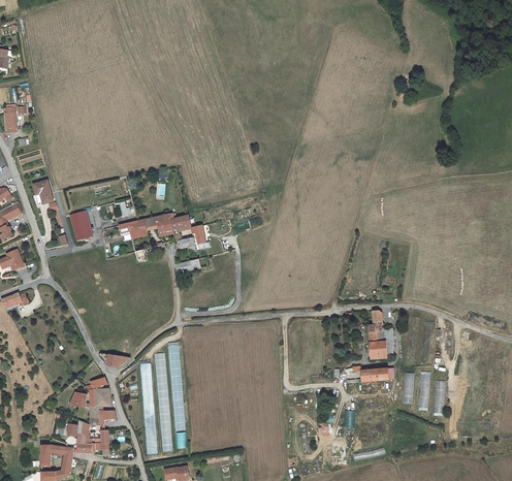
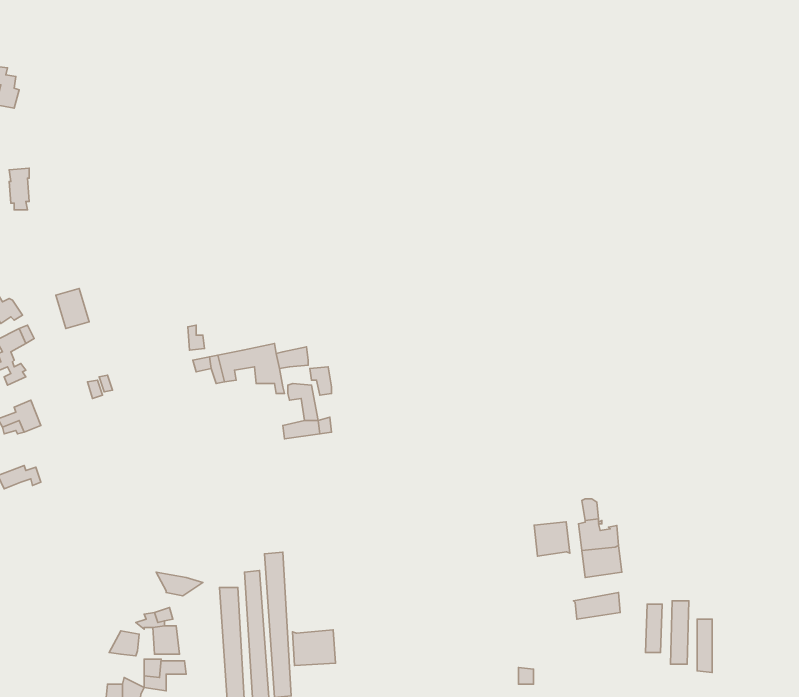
building: [71,209,94,240] -> none
building: none -> [534,522,570,556]
building: none -> [292,630,335,666]

